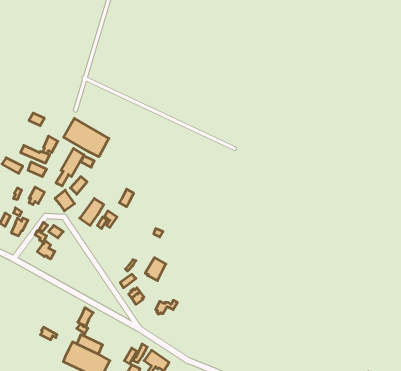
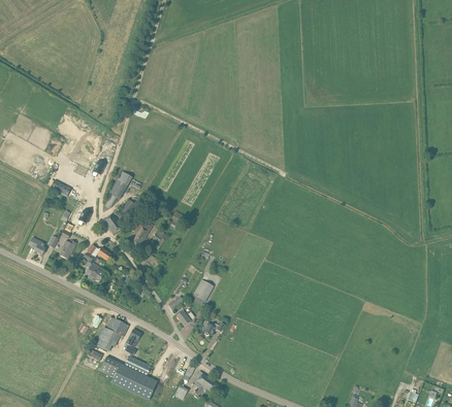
building: [64,118,109,157] -> none
building: none -> [95,317,129,351]

